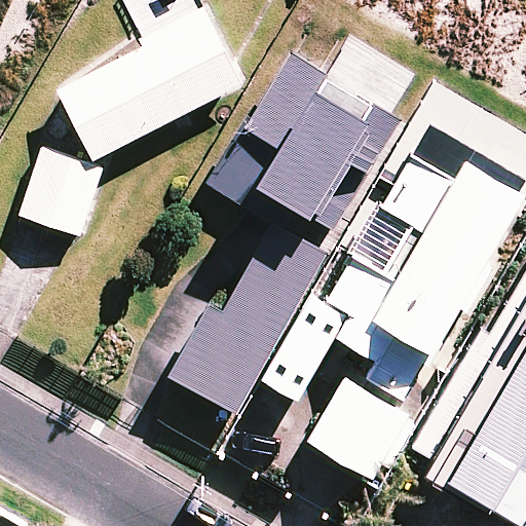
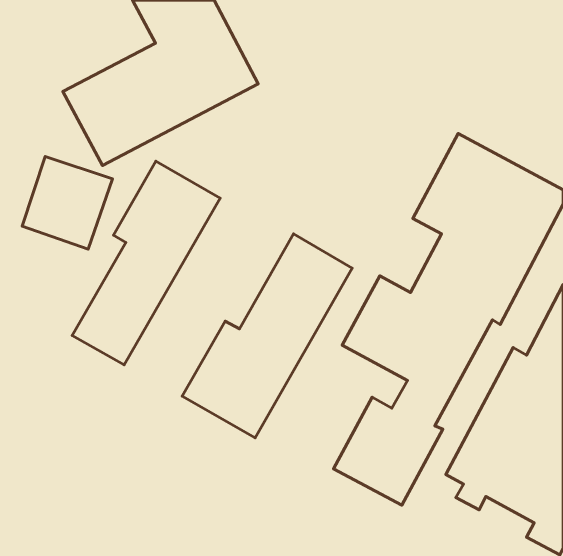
building: [206,45,415,230] -> none
building: none -> [72,161,220,365]

